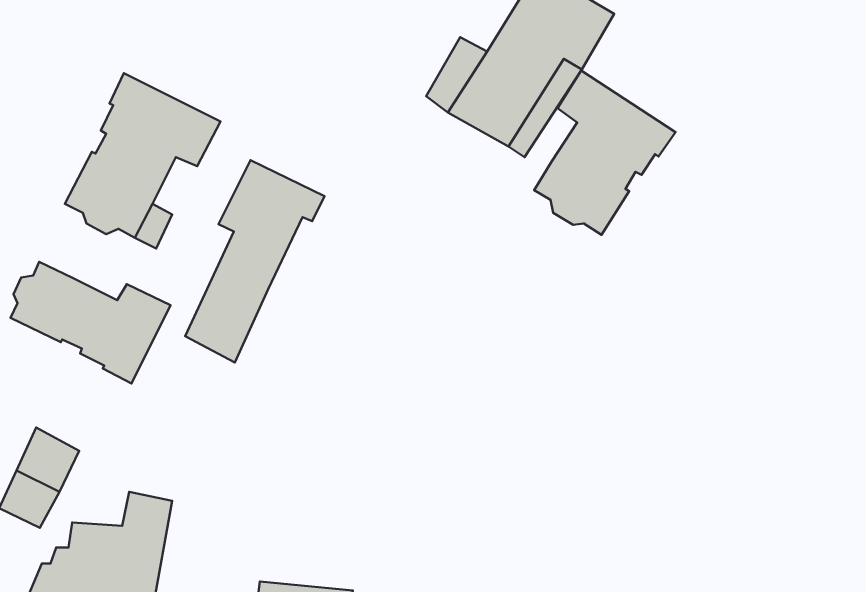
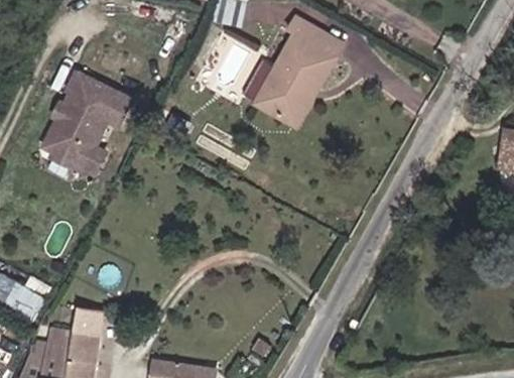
building: [534,70,676,235] -> none
building: [185,160,325,362] -> none
building: [10,262,170,383] -> none

